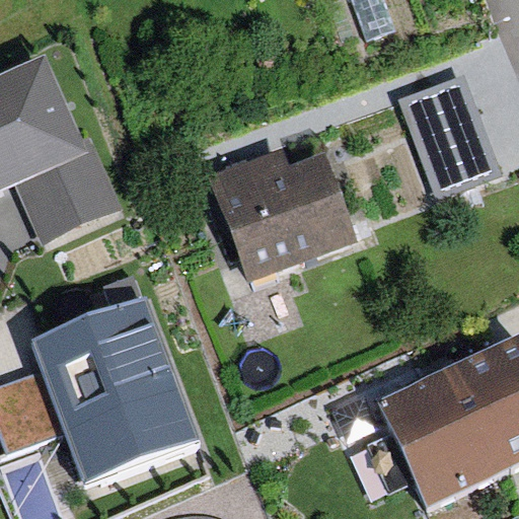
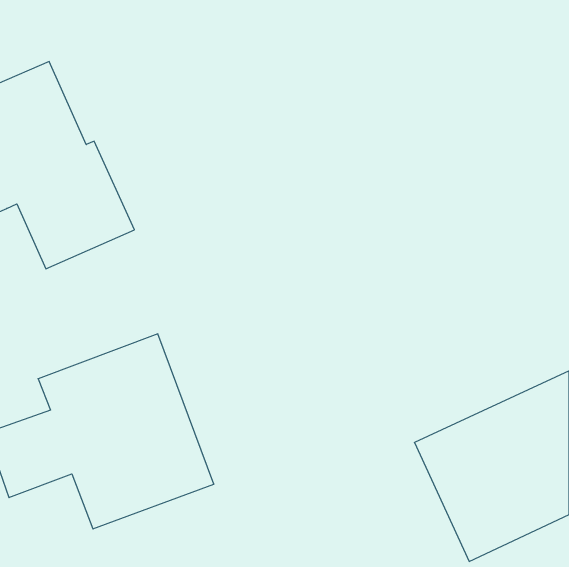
building: [401,76,497,191] -> none
building: [213,148,356,281] -> none

